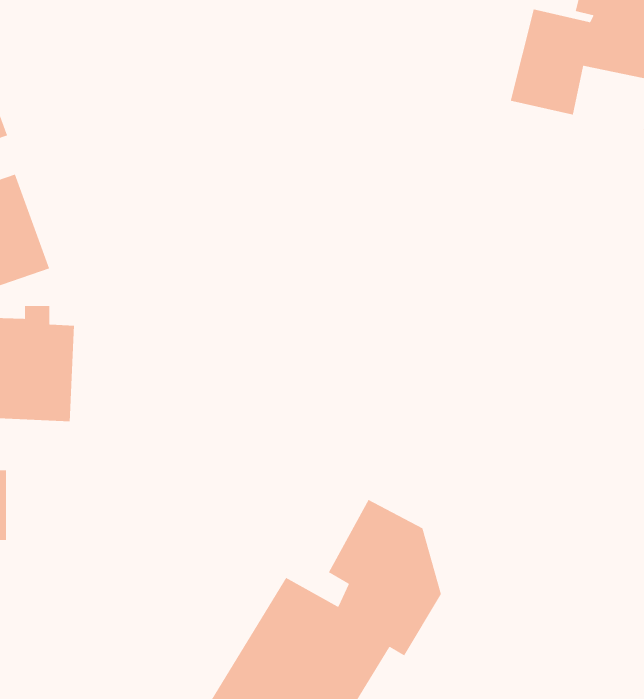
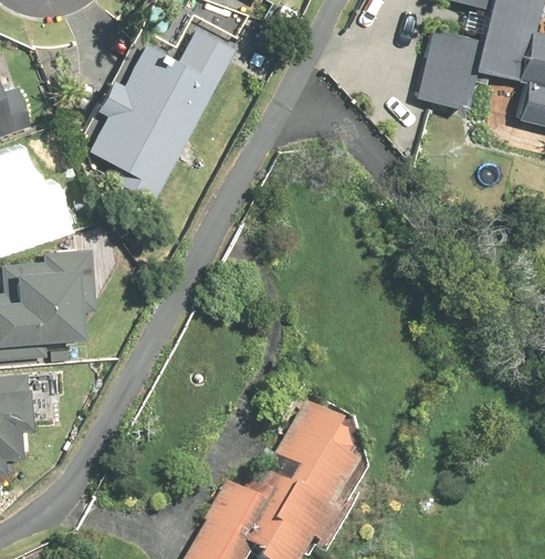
building: none -> [86,28,237,202]

